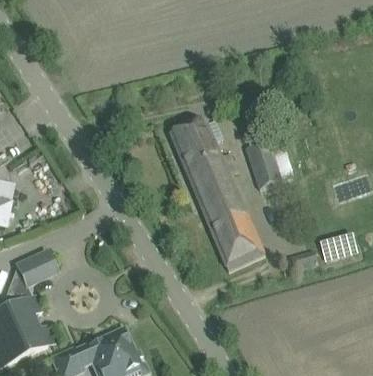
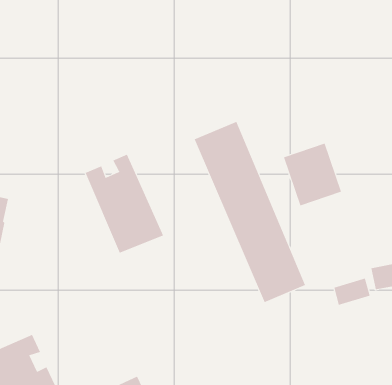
building: none -> [85,154,164,253]
building: [16,250,55,283] -> none

